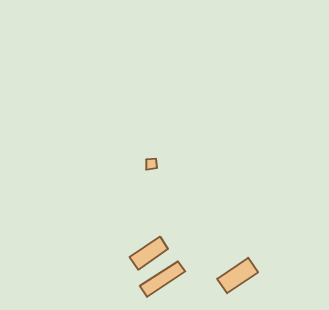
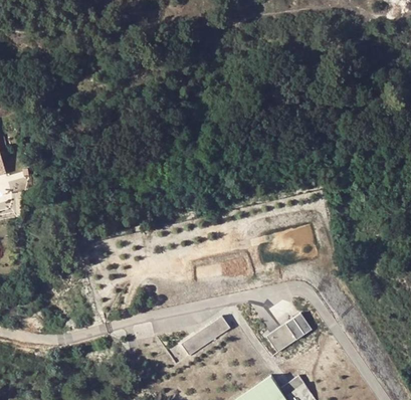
building: [130,237,168,270] -> none

